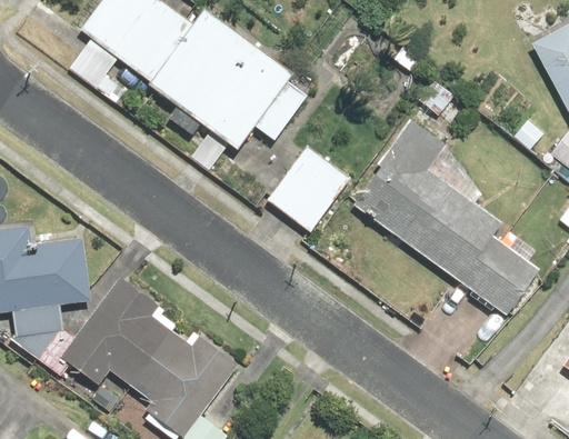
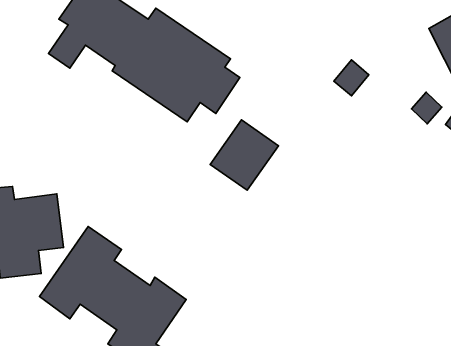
building: [353,121,540,318] -> none

